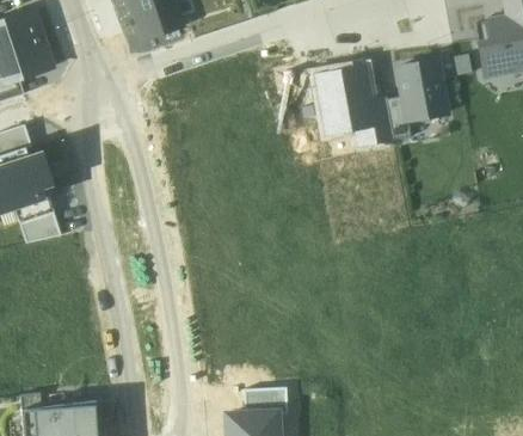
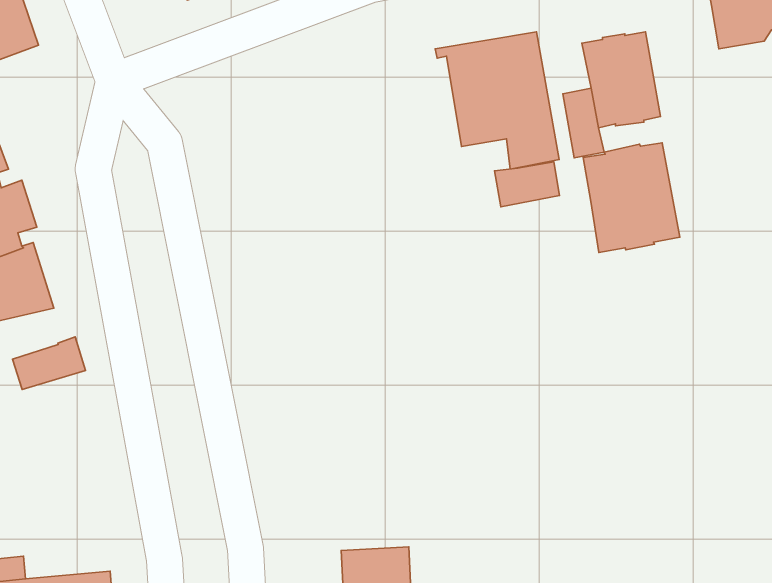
building: none -> [583,143,680,253]
building: none -> [495,162,560,207]
building: none -> [13,337,86,390]

